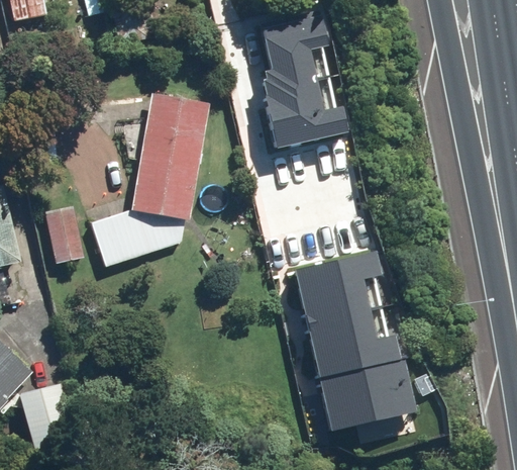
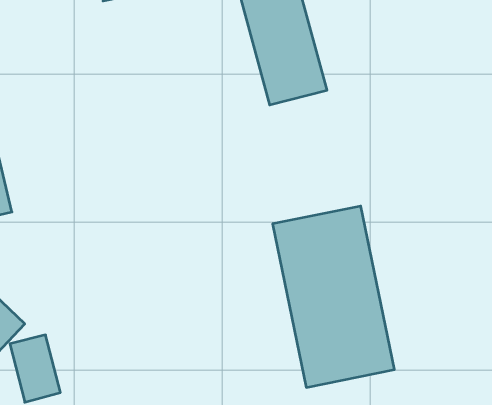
building: [91,91,209,264] -> none
building: [45,209,84,261] -> none

